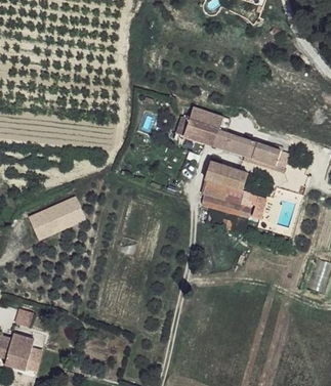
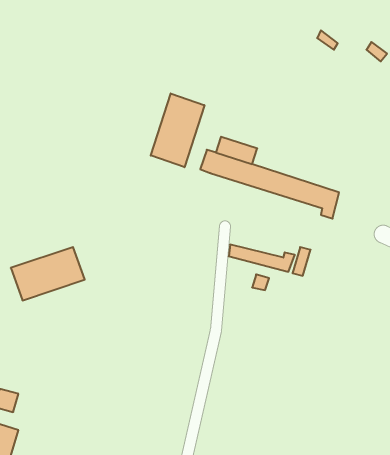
building: none -> [151,93,204,167]
building: [204,162,246,190] -> none

